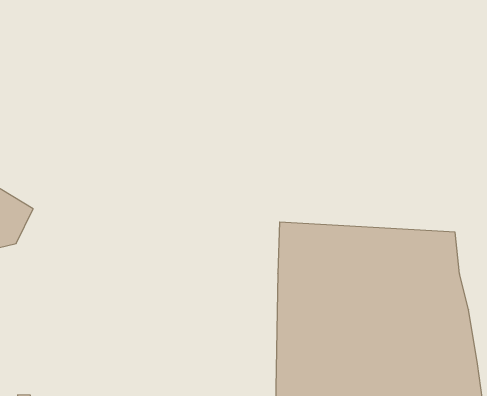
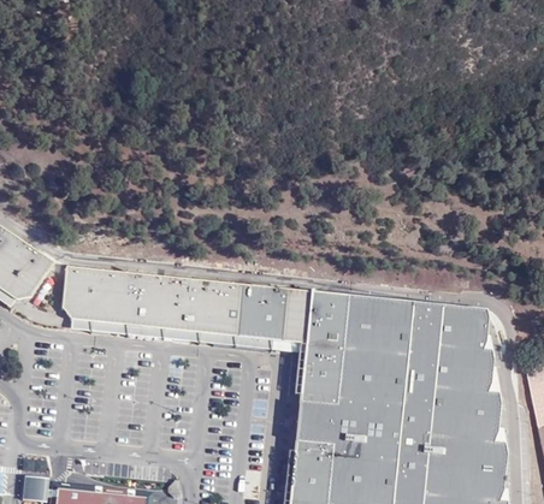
building: none -> [61,262,306,340]

